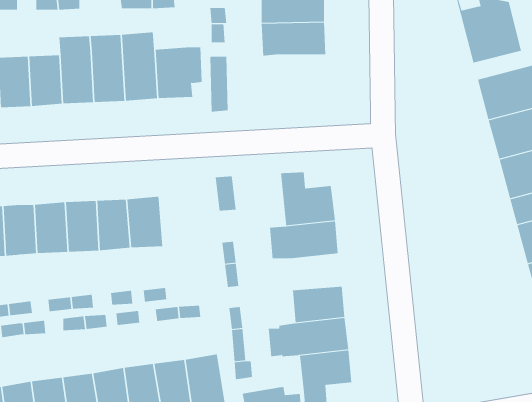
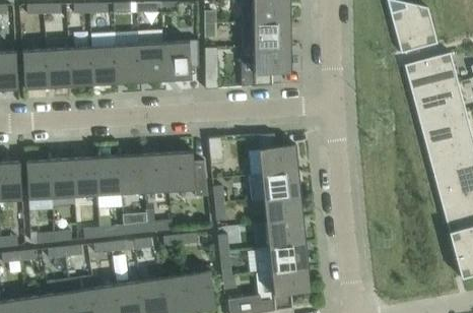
building: none -> [241,47,291,87]
building: none -> [166,151,208,196]
building: none -> [264,195,303,223]

